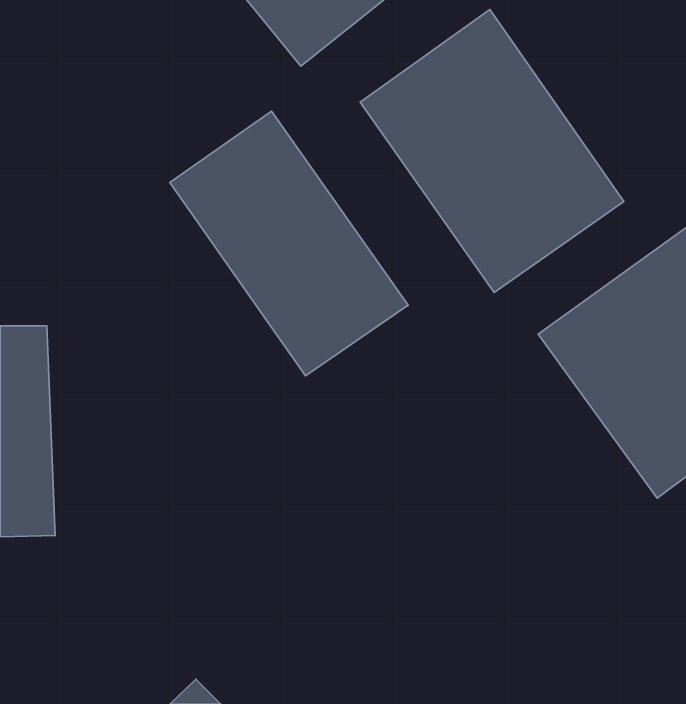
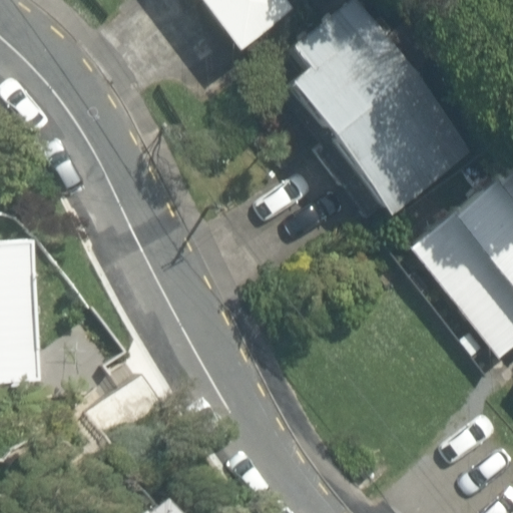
building: [170,111,408,376] -> none

